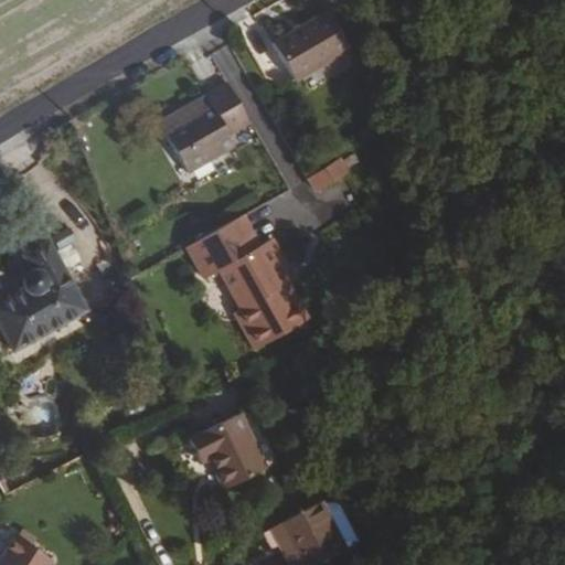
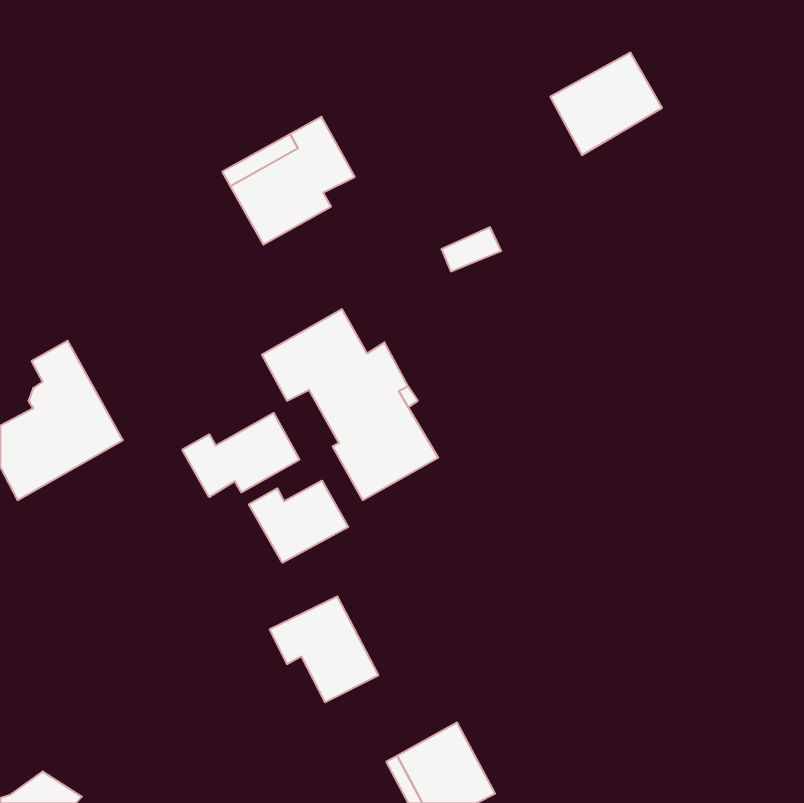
building: [273,11,351,83] -> [550,53,662,155]
building: none -> [182,413,299,497]
building: none -> [249,481,348,563]

